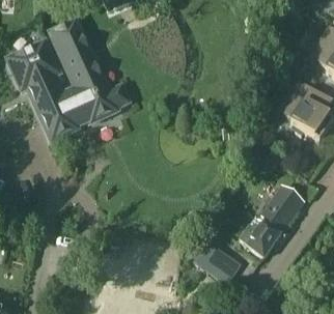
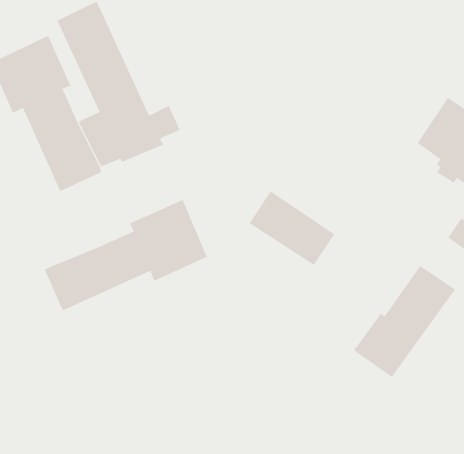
building: none -> [44,199,208,311]
building: [186,235,241,283] -> [249,190,335,266]

